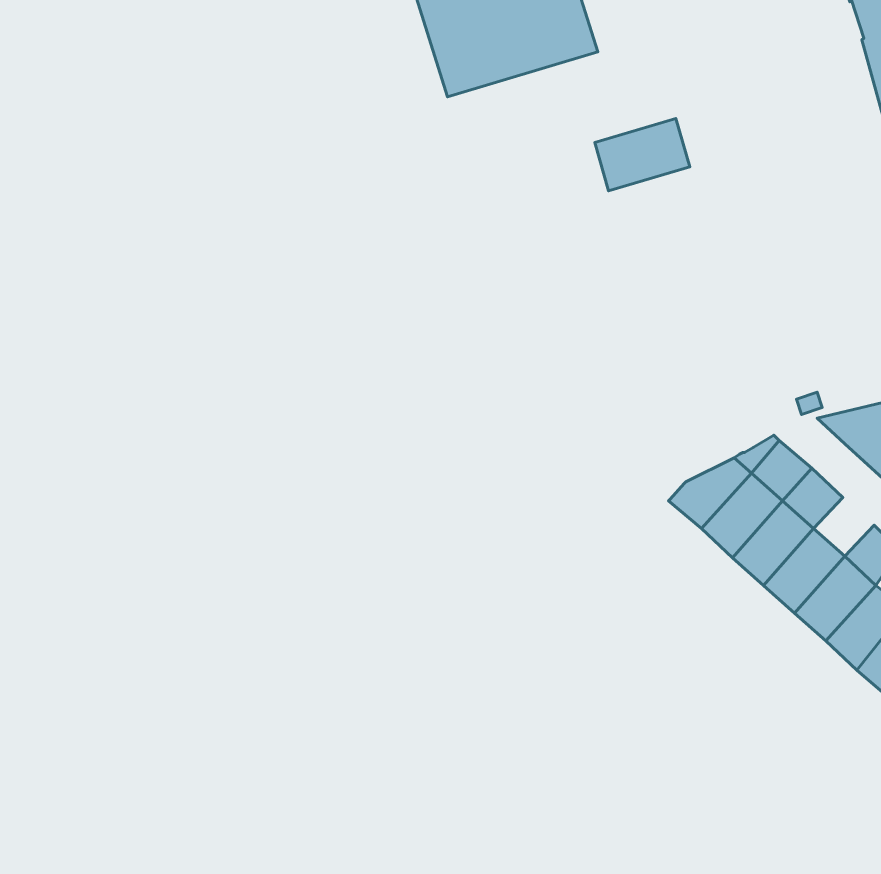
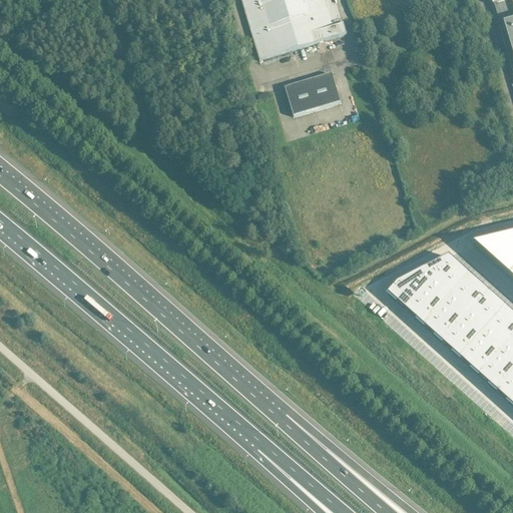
building: [595,118,690,191] -> [287,70,342,112]
building: none -> [473,289,508,323]

